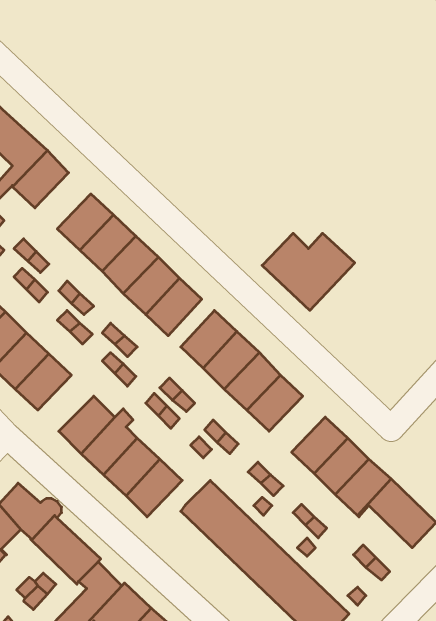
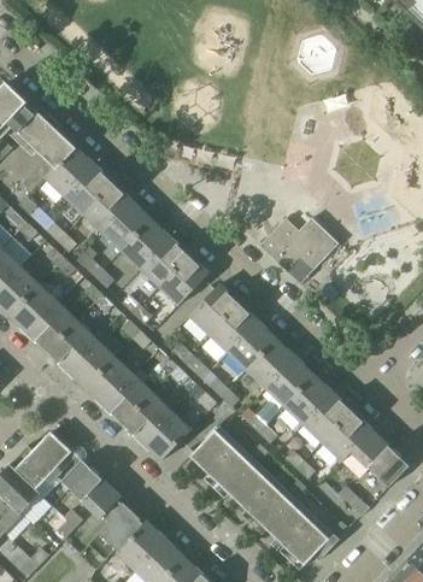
building: none -> [64,165,112,213]
building: none -> [66,328,124,387]
building: none -> [265,357,313,405]

